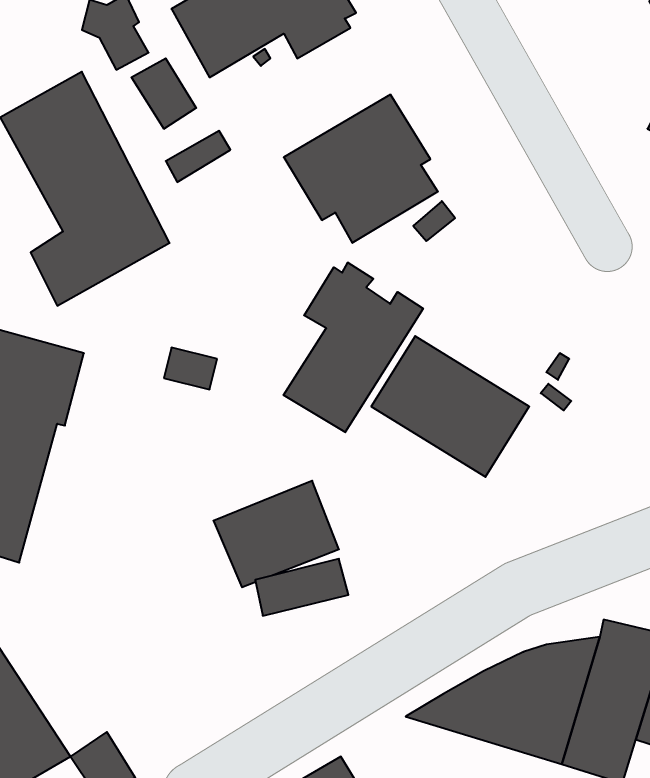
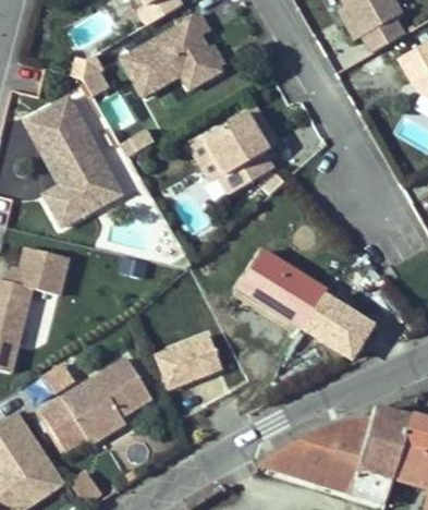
building: [284,262,423,432] -> none
building: none -> [306,294,370,353]
building: none -> [40,357,150,452]

